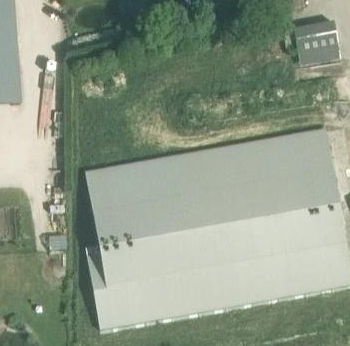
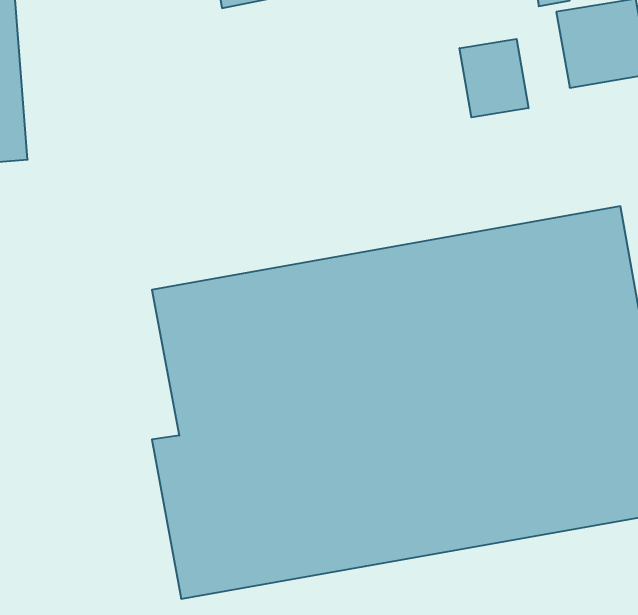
building: none -> [460,39,528,117]

